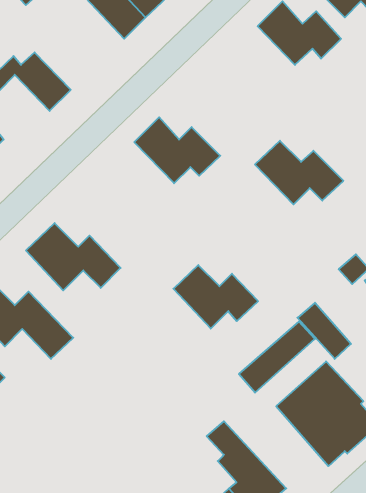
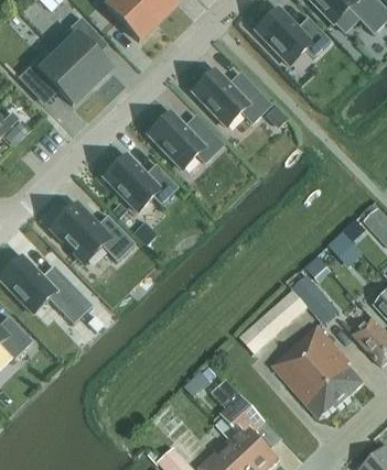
building: none -> [58,17,109,86]
building: [255,141,343,204] -> [192,69,270,125]
building: [173,265,258,329] -> [104,155,179,211]

